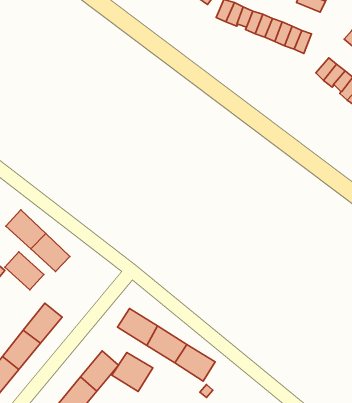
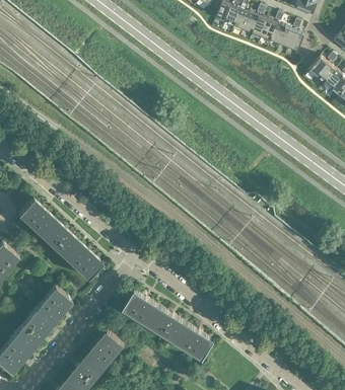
building: [5,252,44,290] -> [65,244,101,280]
building: [112,352,153,392] -> none

